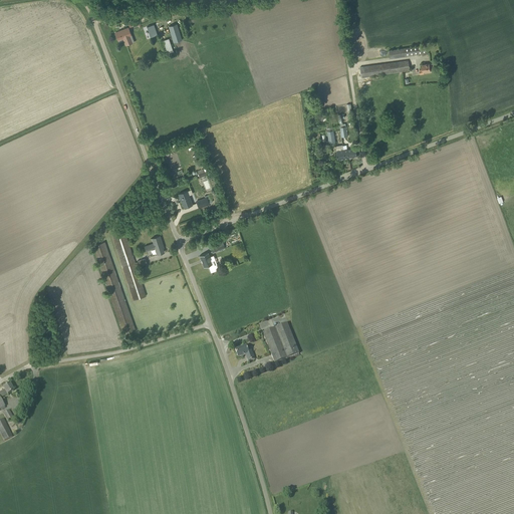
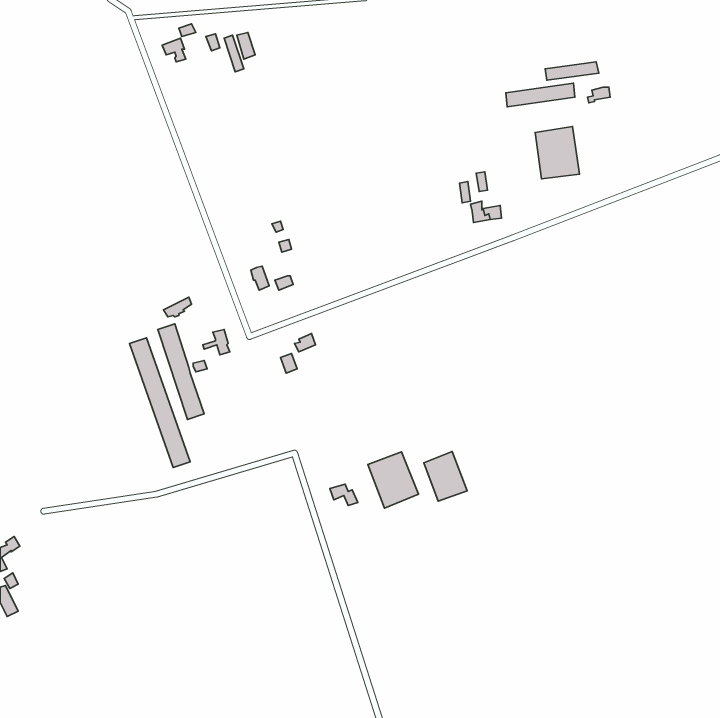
building: none -> [535,127,580,179]
building: none -> [424,451,467,501]

